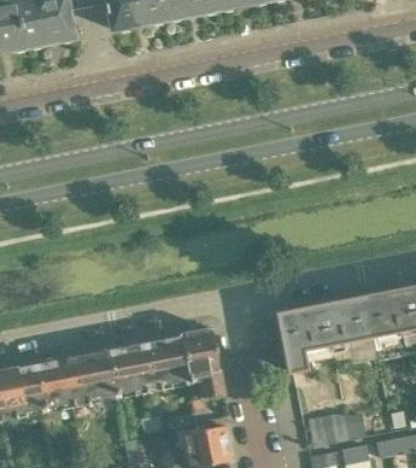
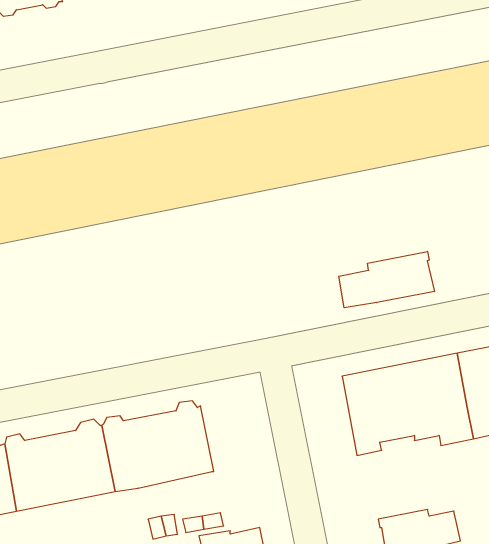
building: none -> [339,251,435,308]
building: [176,327,219,399] -> none

